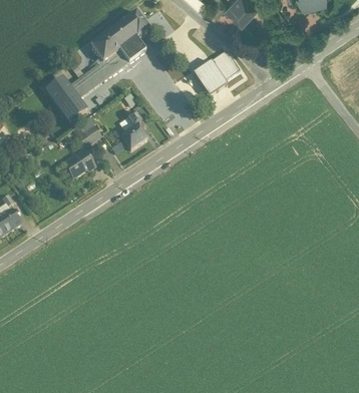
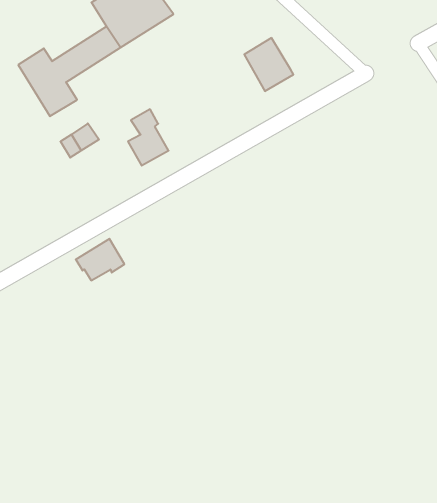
building: [210,50,240,81] -> none
building: [62,150,94,178] -> [76,239,124,280]

